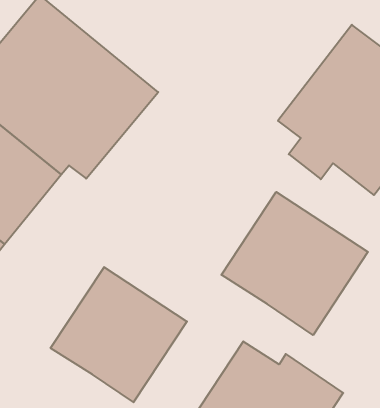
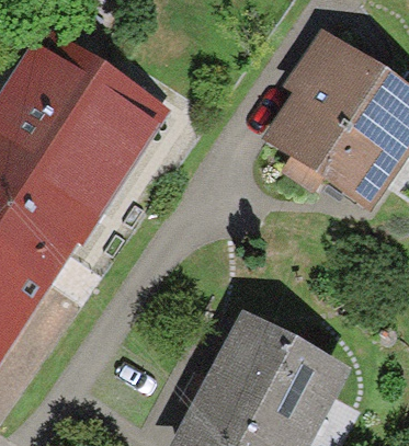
building: [221,192,368,335] -> none
building: [51,267,187,402] -> none

